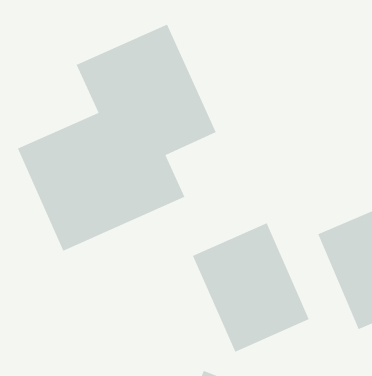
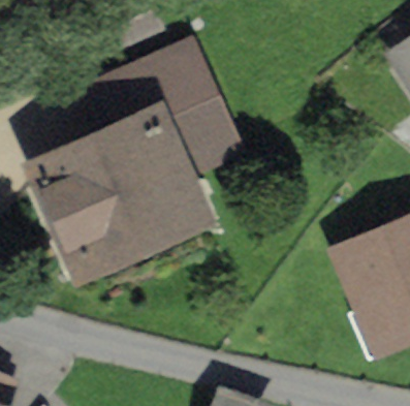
building: [192,222,310,353] -> none

